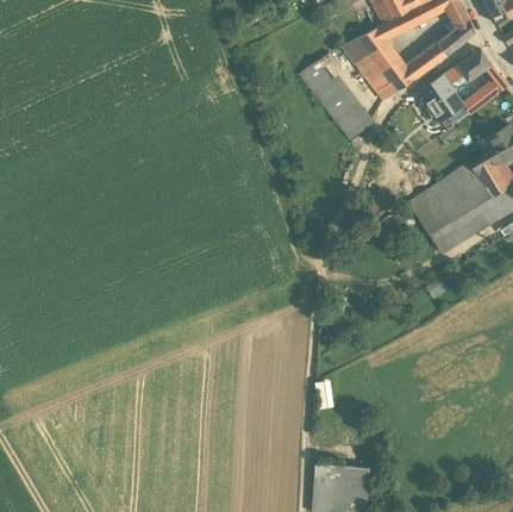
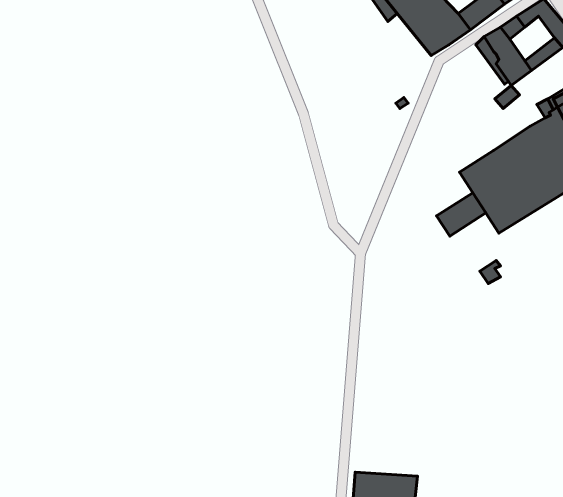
building: [298,57,368,139] -> none
building: none -> [437,193,486,236]

